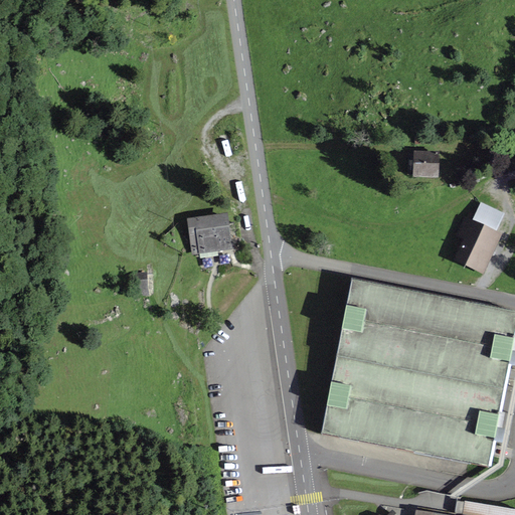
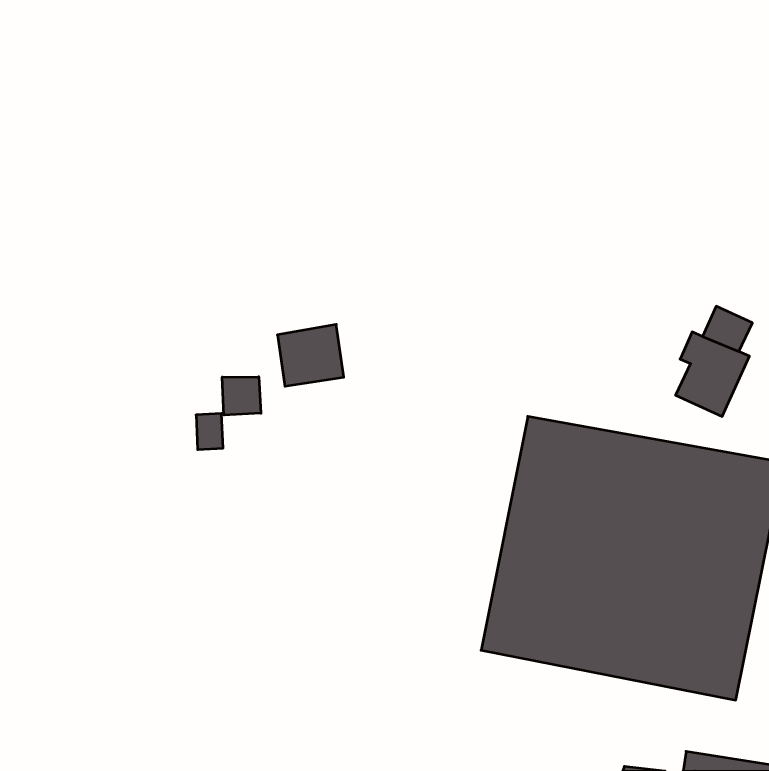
building: [410,157,439,182] -> none
building: none -> [222,377,261,415]

